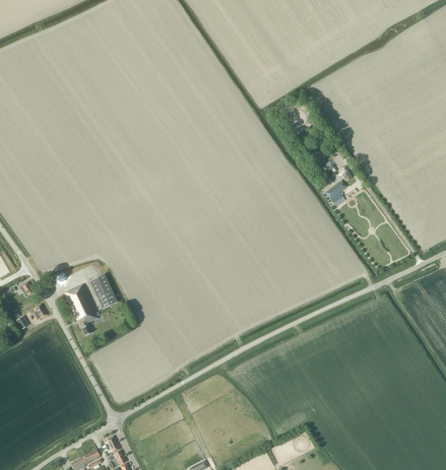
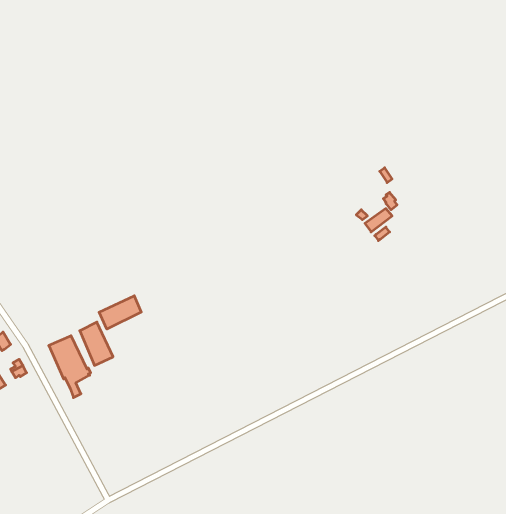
building: none -> [99,296,141,329]

